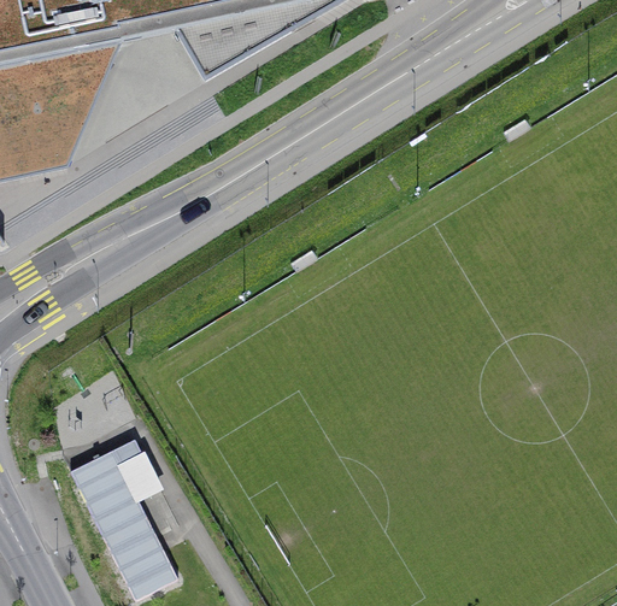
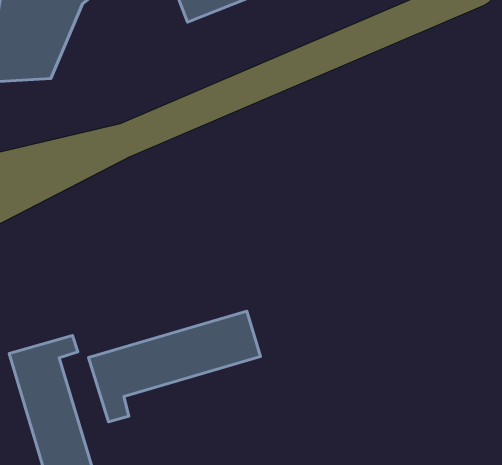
building: none -> [89,311,261,422]

